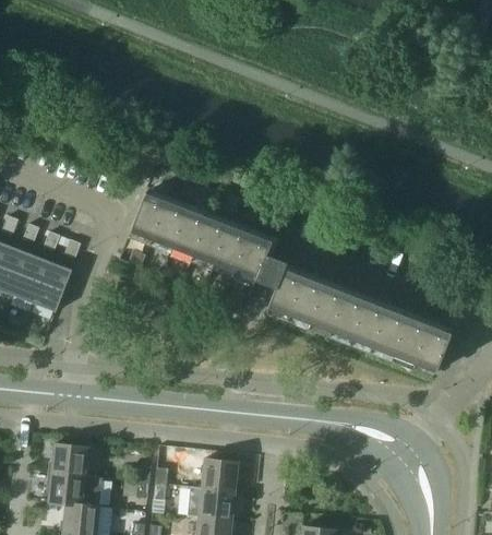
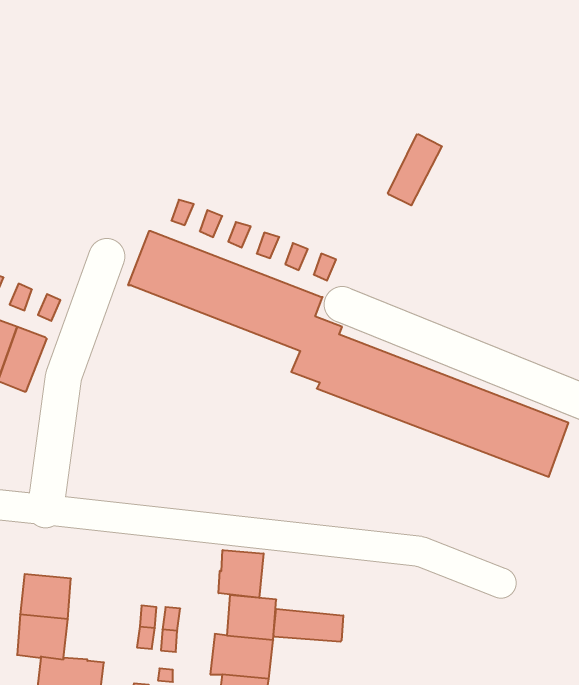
building: none -> [388,134,442,205]
building: none -> [219,550,264,598]
building: none -> [274,609,343,642]

